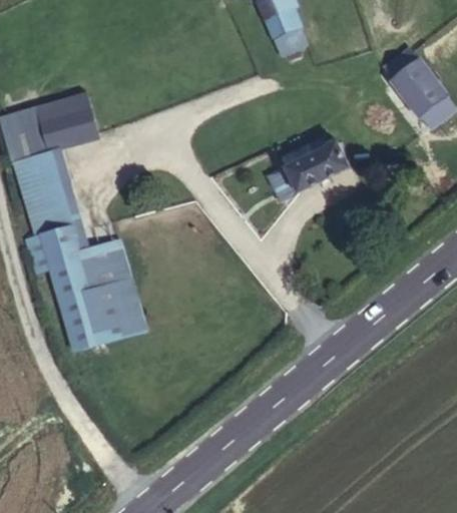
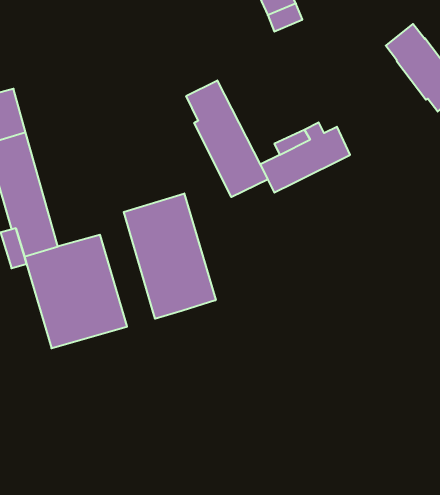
building: [39,93,97,146] -> none
building: none -> [186,80,268,197]
building: none -> [124,193,216,319]

